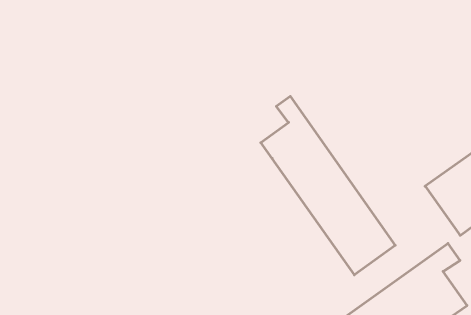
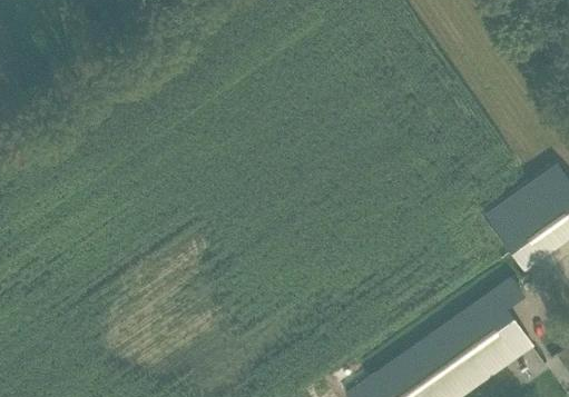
building: [261,96,395,275] -> none

